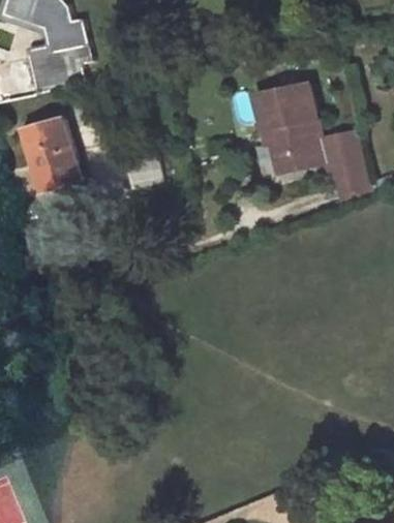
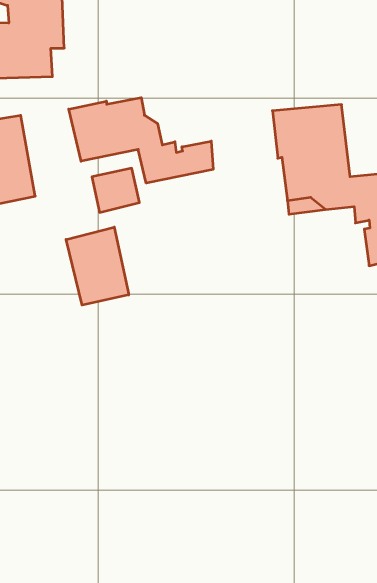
building: none -> [69,98,213,183]
building: none -> [66,227,129,305]

